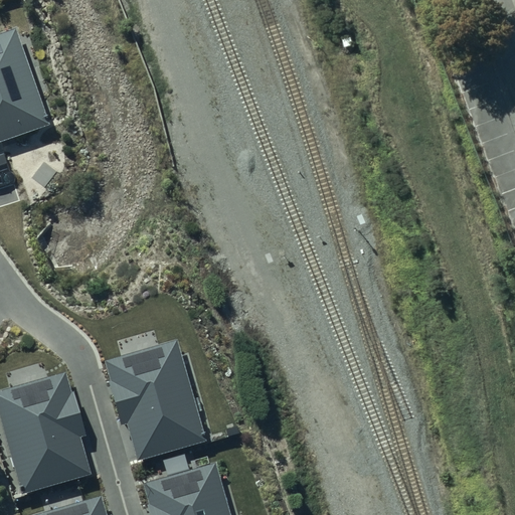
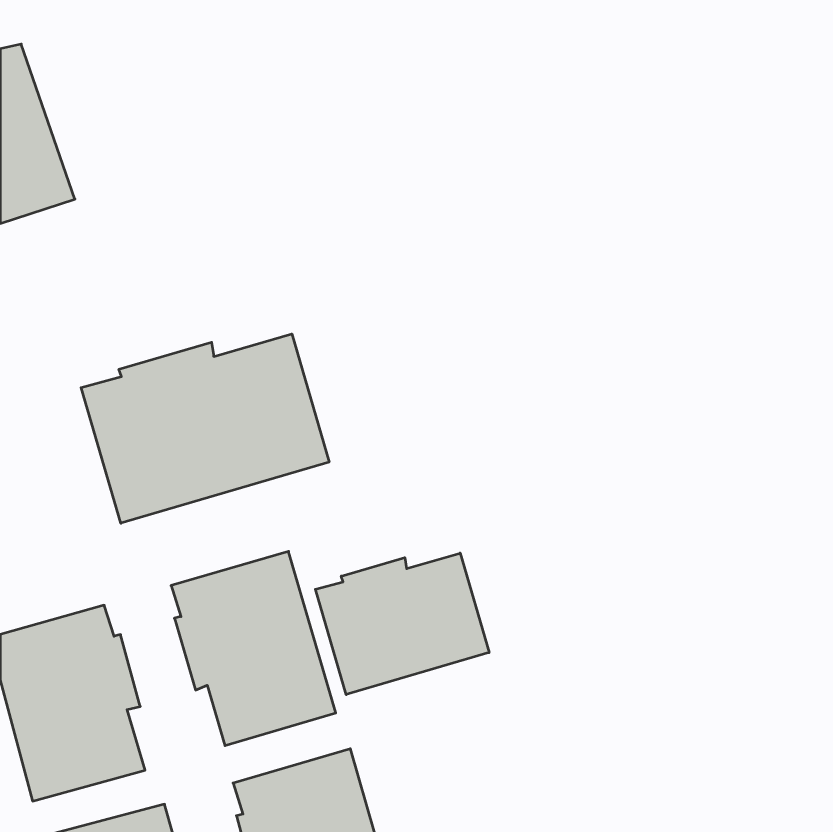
building: none -> [81,334,329,523]
building: none -> [315,553,489,695]

